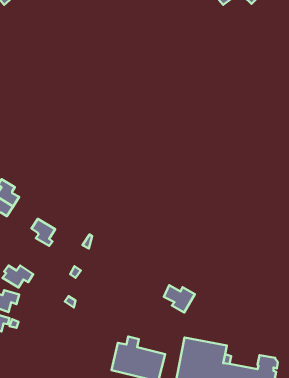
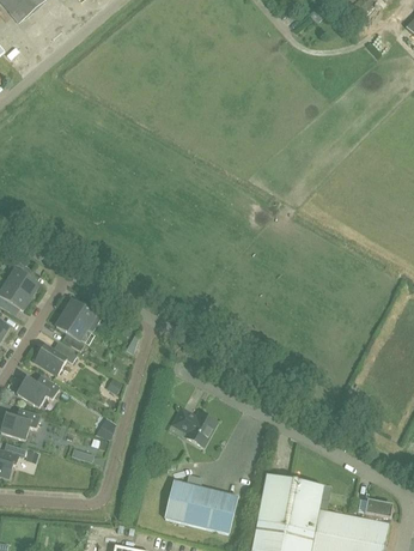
building: none -> [63,298,104,331]
building: none -> [32,344,77,375]
building: [164,285,195,313] -> [173,410,215,447]

